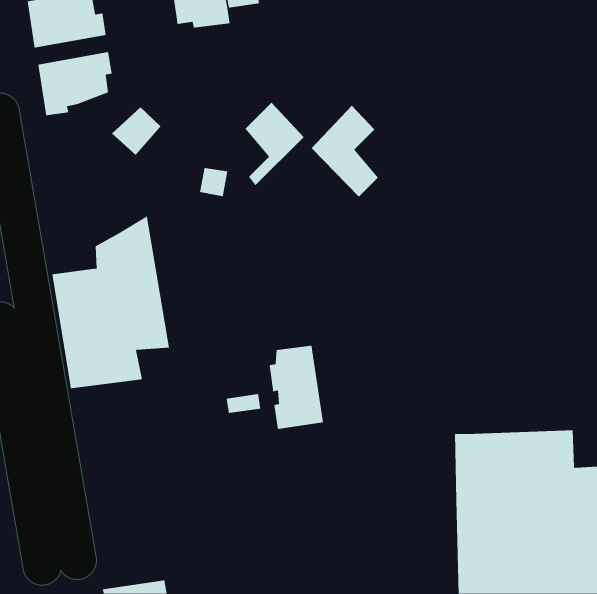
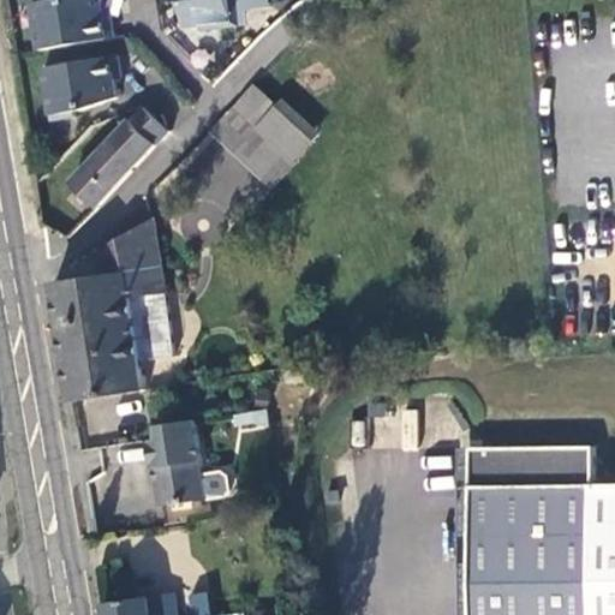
building: [311,105,379,197] -> [207,86,276,181]
building: none -> [72,137,141,204]
building: [269,345,324,430] -> [153,422,209,508]

